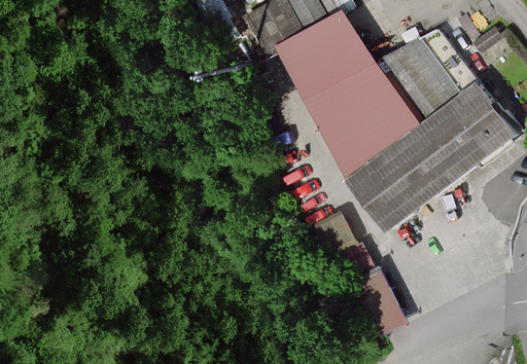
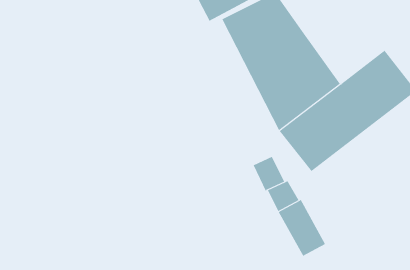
building: [378,30,480,125] -> none

